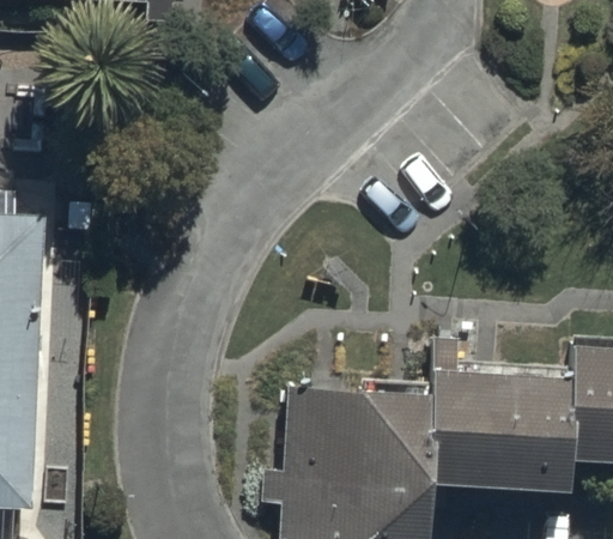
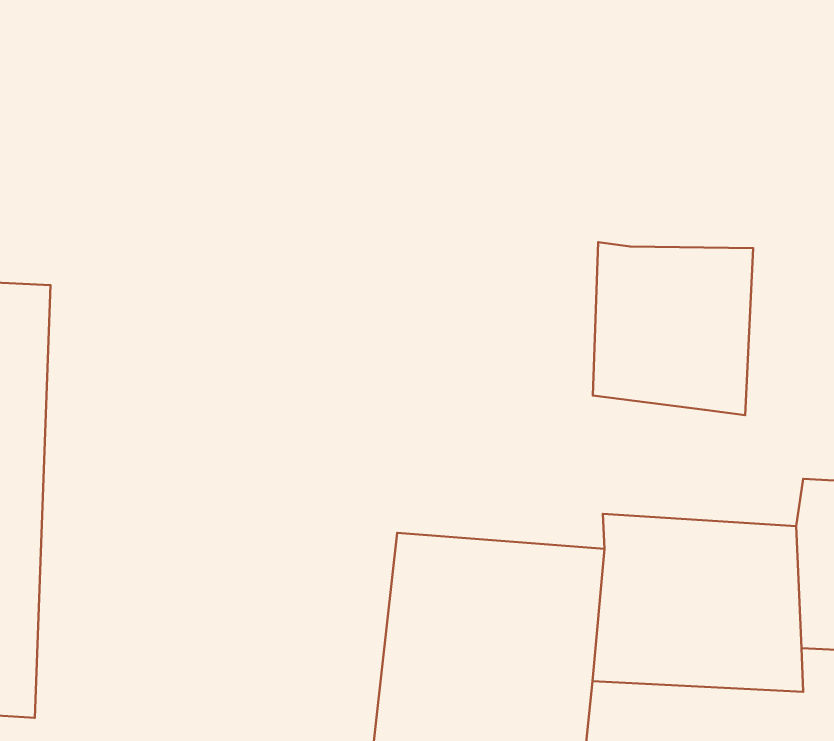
building: none -> [593,242,753,415]

